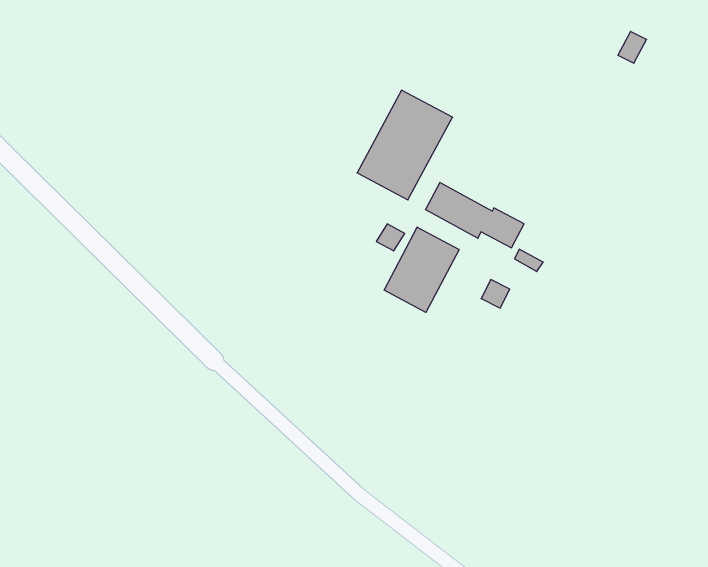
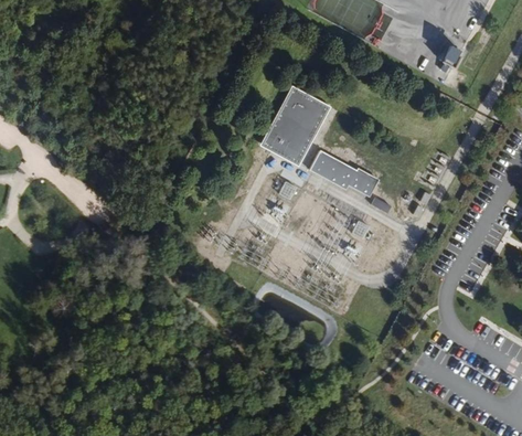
building: [384,227,459,312] -> none

